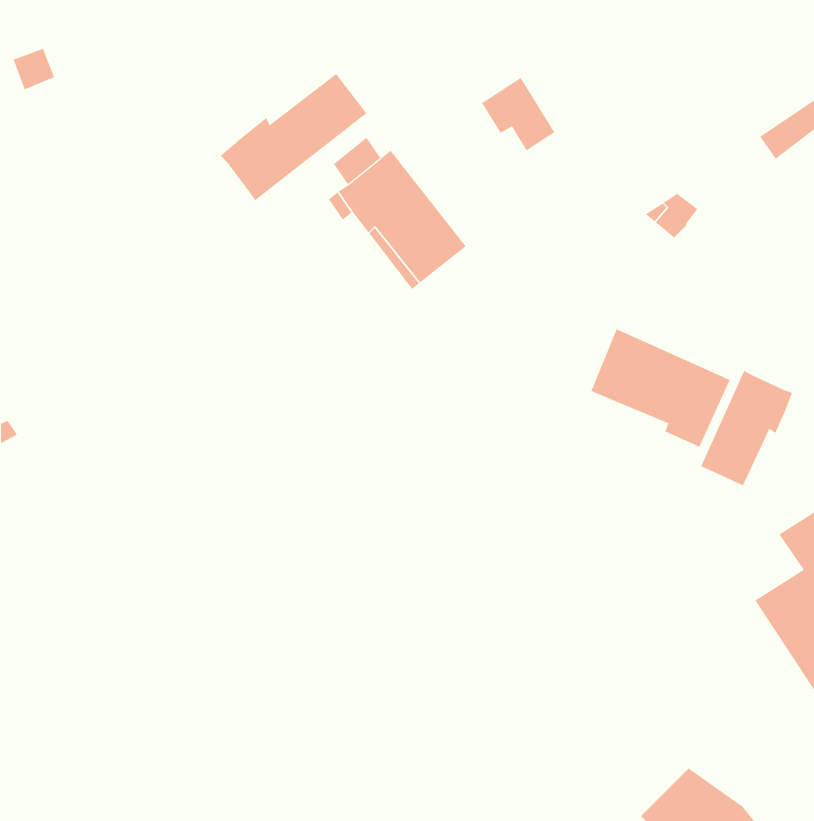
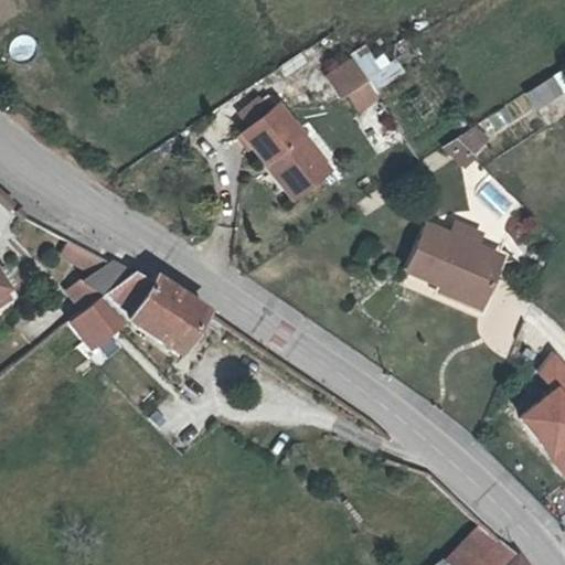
building: [220,73,367,201] -> none
building: none -> [73,247,213,352]
building: [700,370,793,486] -> none

